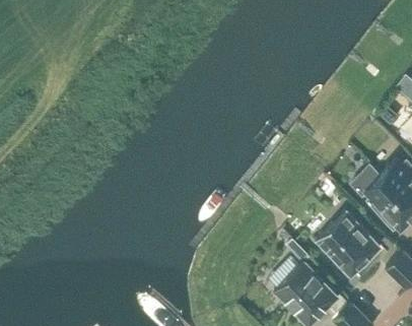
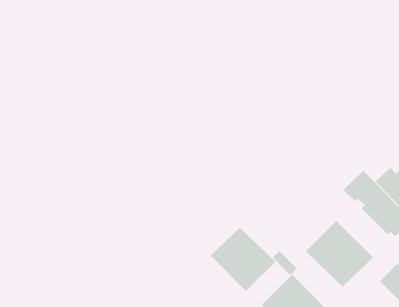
building: none -> [210,227,276,292]

